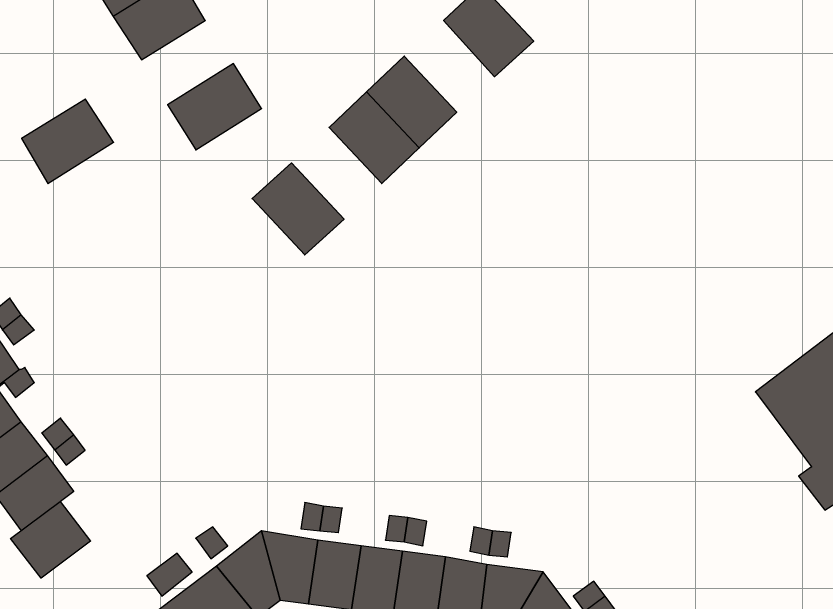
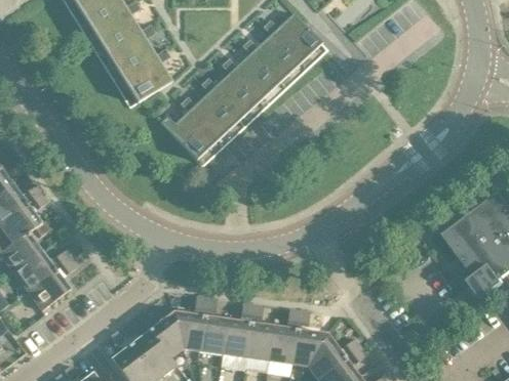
building: none -> [250,32,300,82]
building: [22,99,114,184] -> [107,32,157,78]
building: none -> [189,90,238,140]
building: [11,502,91,578] -> none

